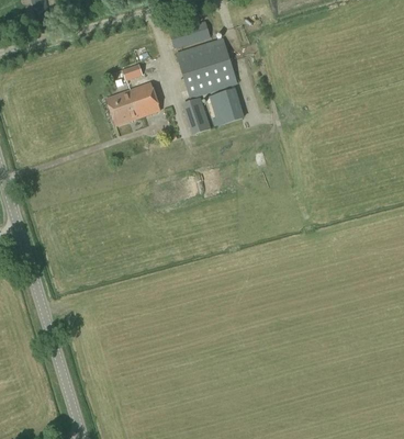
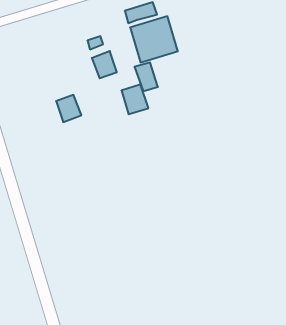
building: [209,88,243,125] -> [121,84,148,114]
building: [105,91,137,125] -> [56,95,81,122]

